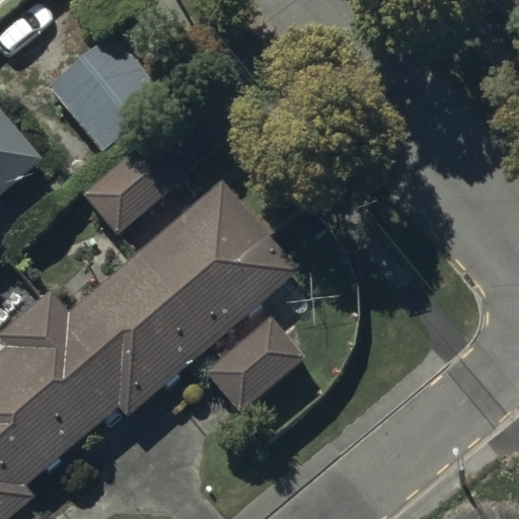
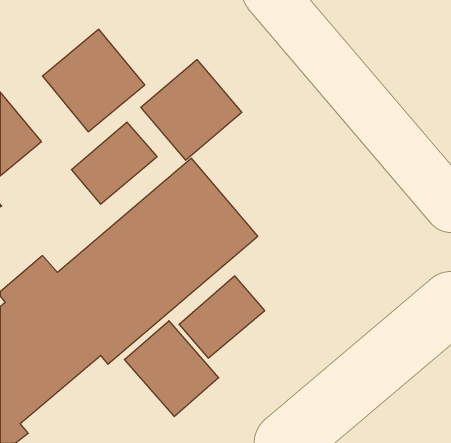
building: none -> [141,60,242,160]
building: none -> [124,321,219,417]

